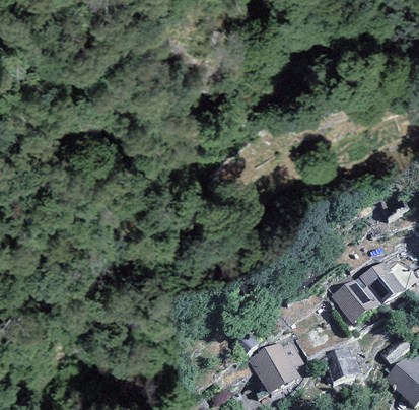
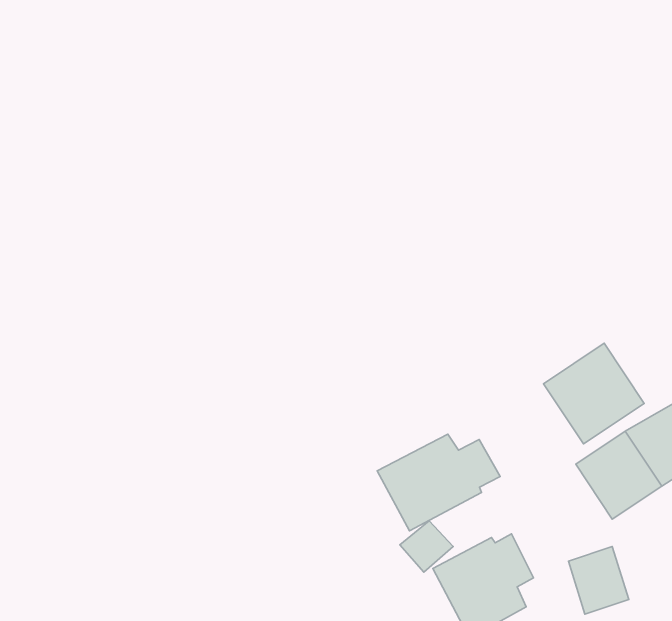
building: none -> [543,343,644,444]
building: none -> [377,434,500,531]

